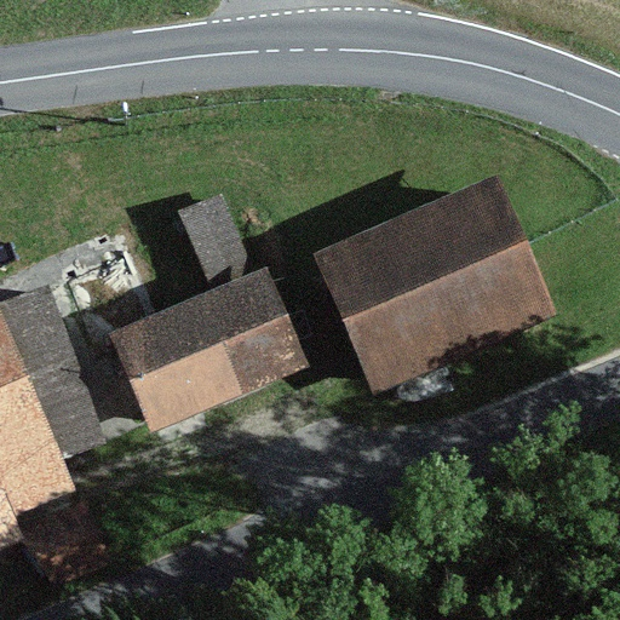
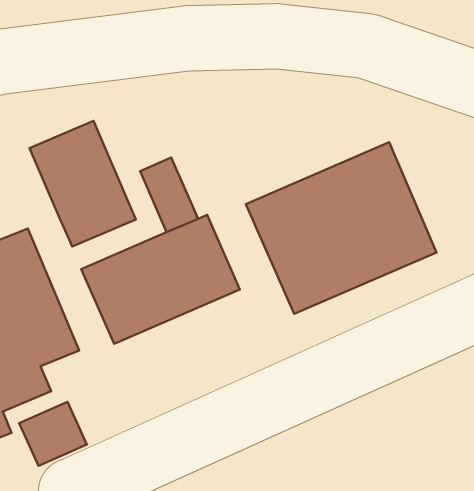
building: none -> [29,121,136,247]

